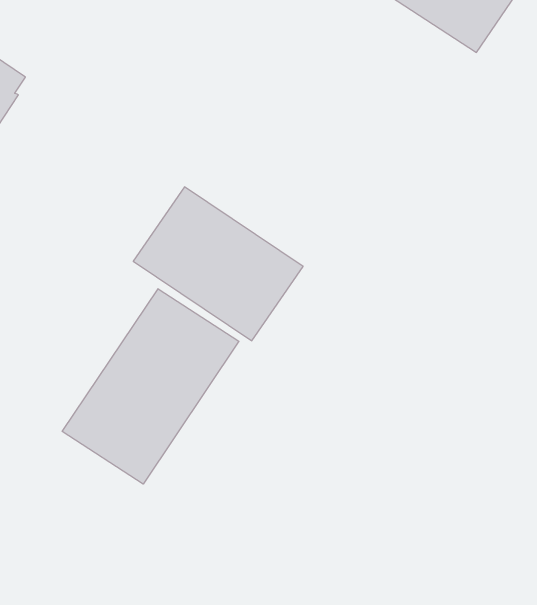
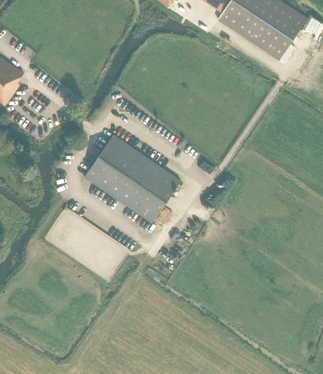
building: [62,289,239,484] -> none

